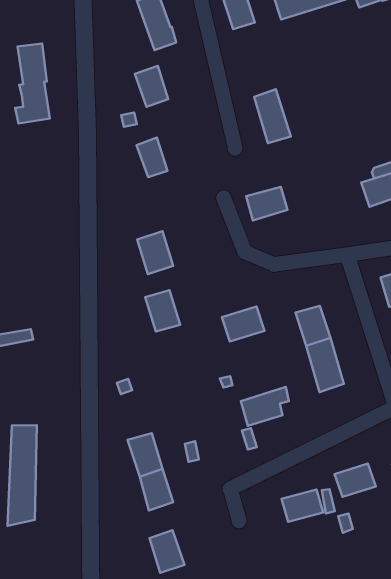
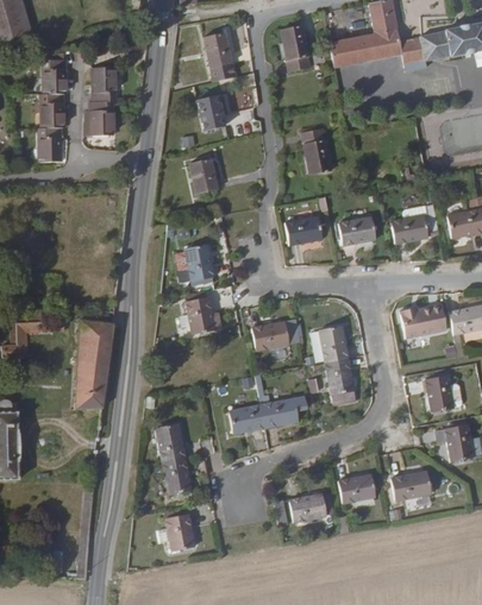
building: none -> [337,219,373,247]
building: none -> [226,405,262,435]
building: [8,425,37,526] -> [81,321,118,410]

